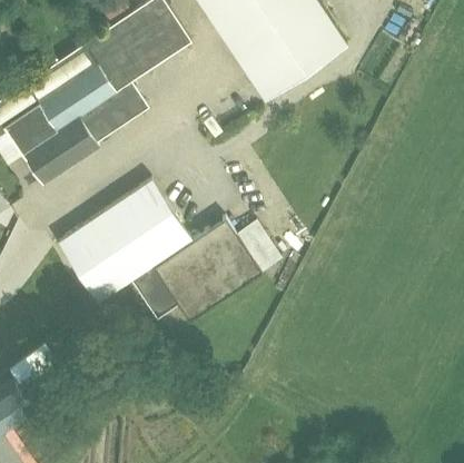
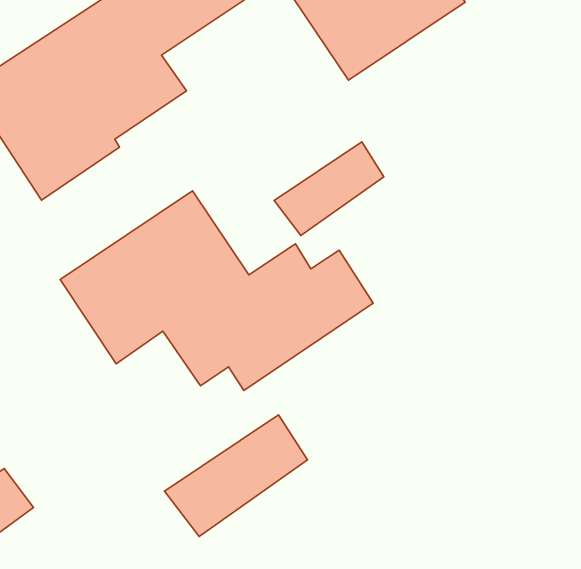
building: none -> [274,142,384,235]
building: none -> [165,415,307,536]

